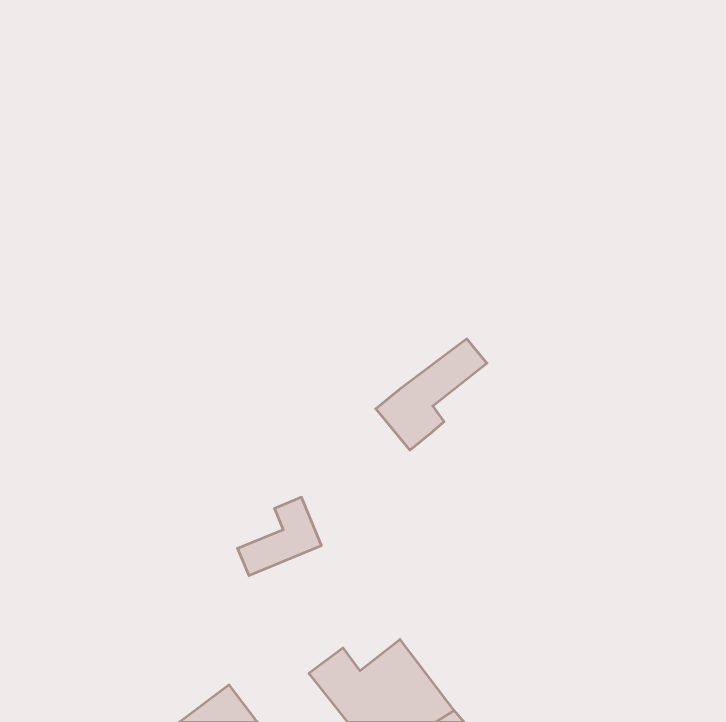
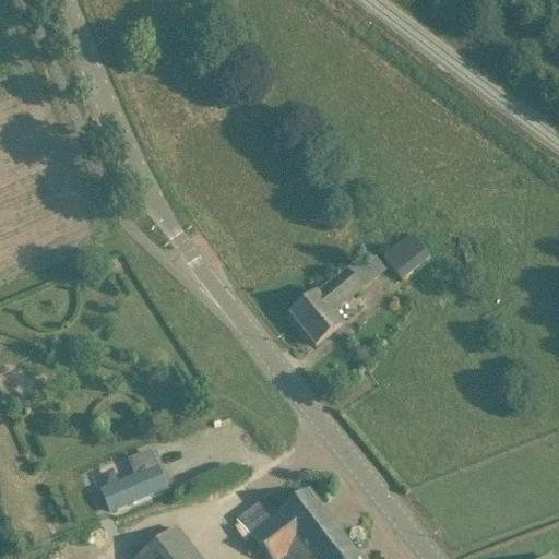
building: none -> [382,234,428,278]
building: [237,497,321,576] -> [100,450,165,510]

